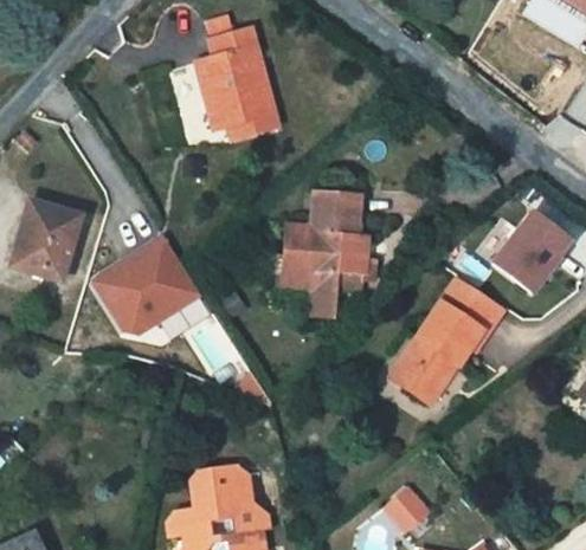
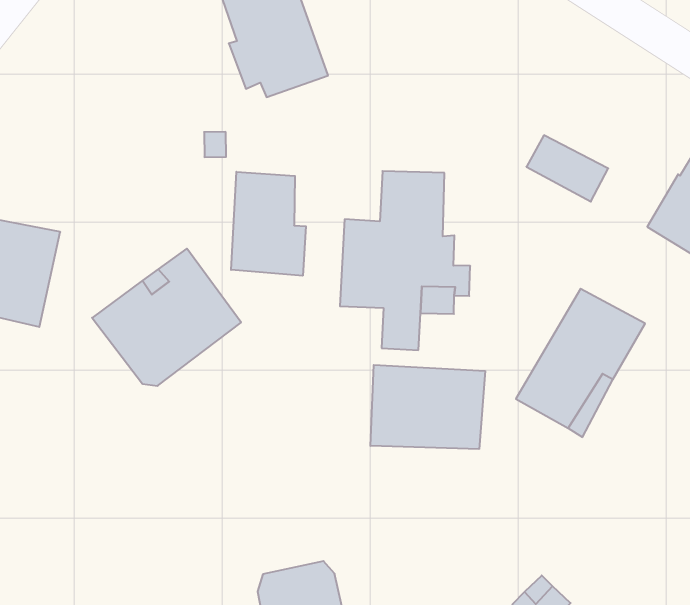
building: none -> [231,172,306,276]
building: [445,271,503,321] -> [526,135,608,202]
building: none -> [370,365,485,449]

